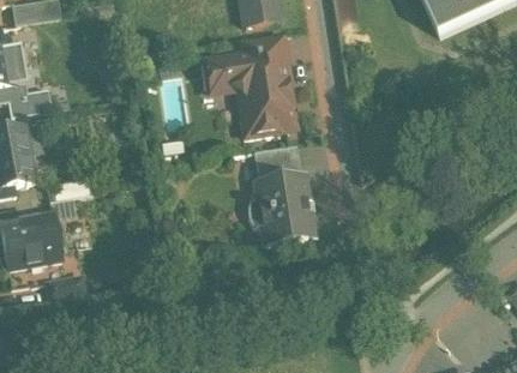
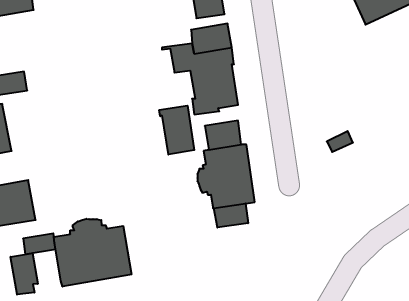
building: none -> [159,106,194,155]
building: none -> [214,203,248,228]
building: none -> [54,219,131,287]
building: none -> [11,253,38,295]

